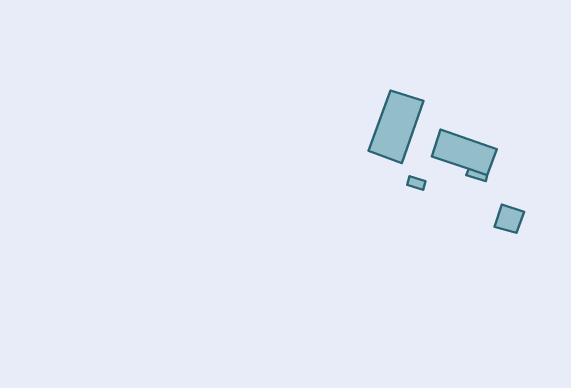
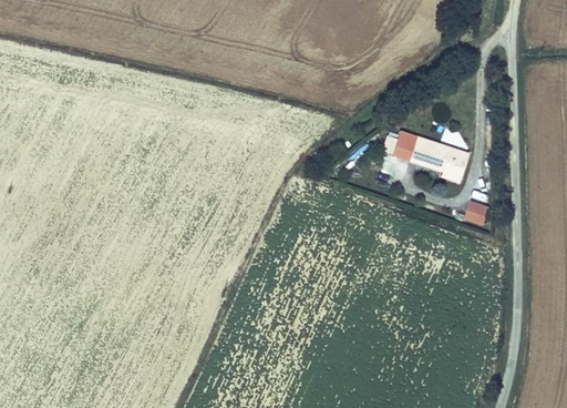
building: [369,90,423,163] -> none

